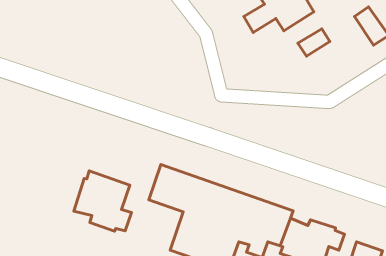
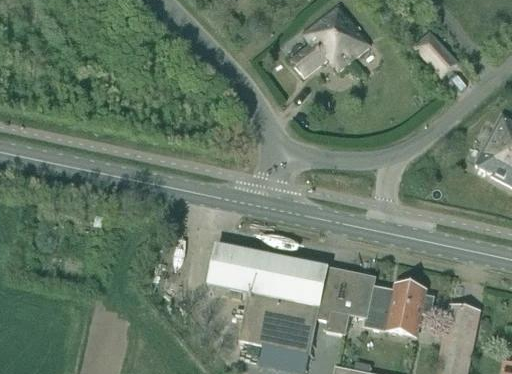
building: [298,29,330,56] -> none
building: [74,171,131,231] -> none

